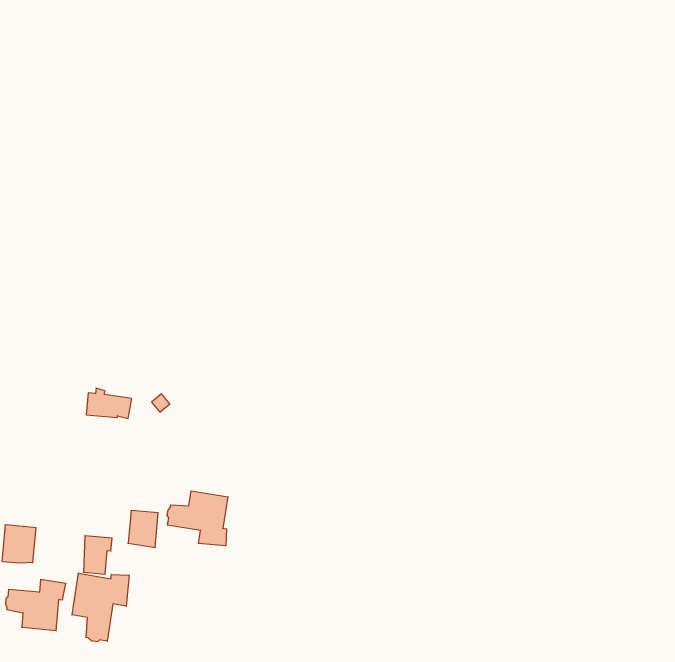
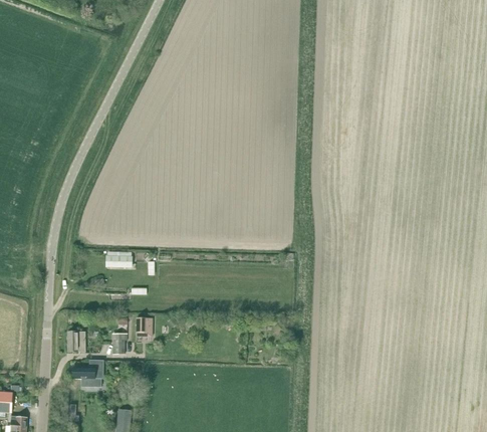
building: [167,491,228,546] -> none
building: [72,573,129,642] -> none

